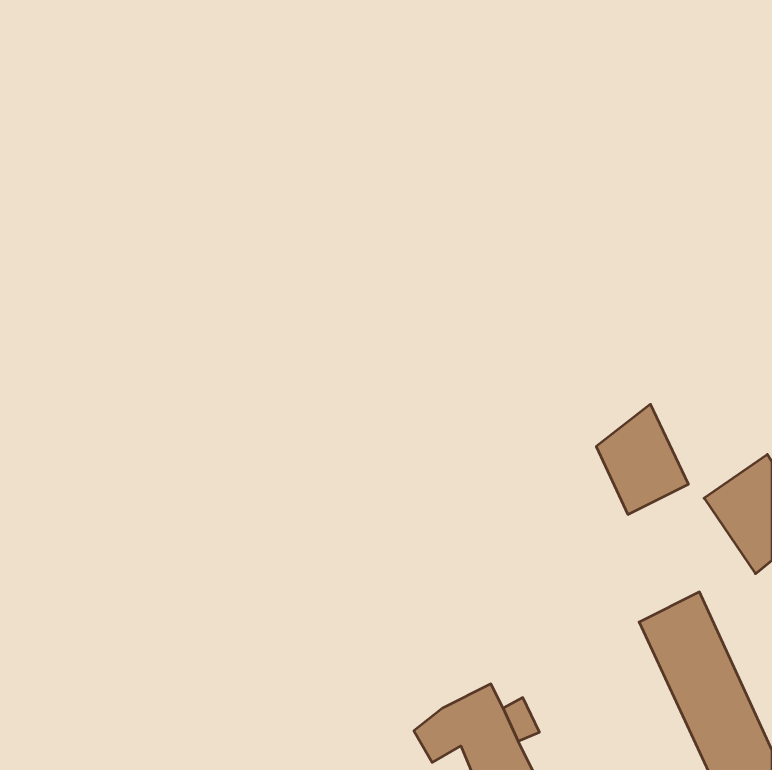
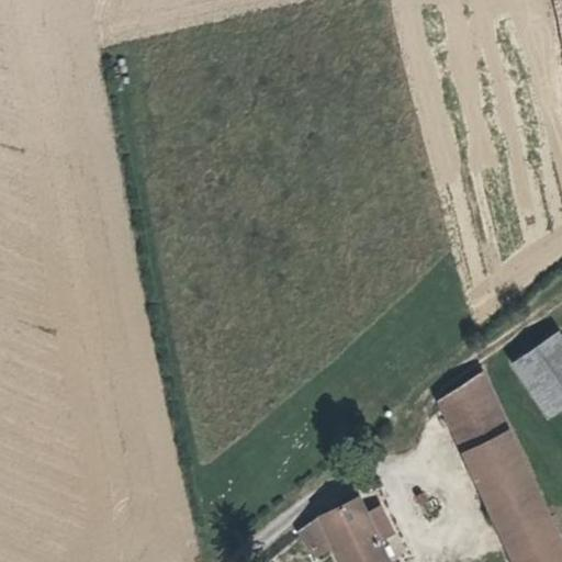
building: [596,404,688,514] -> [441,373,508,453]

